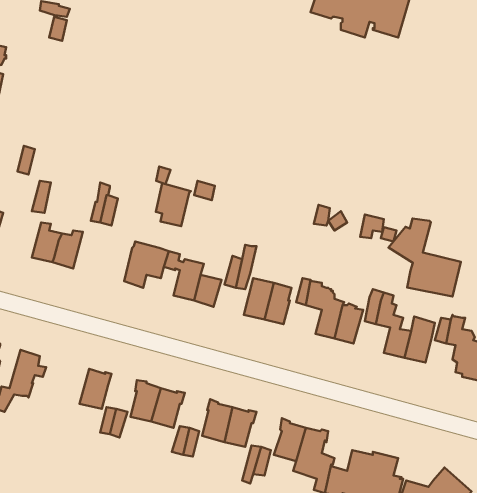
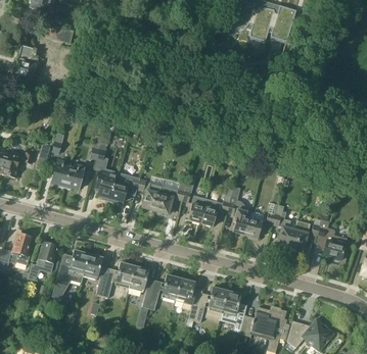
building: [156,183,191,226] -> [94,170,117,198]
building: [389,218,461,297] -> none
building: none -> [52,249,88,298]

